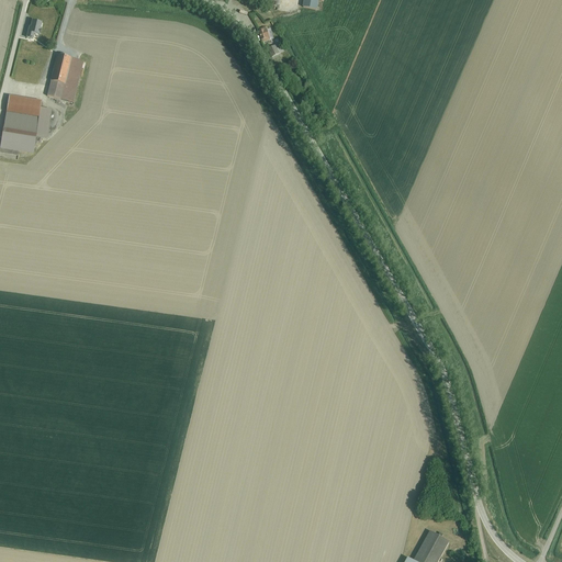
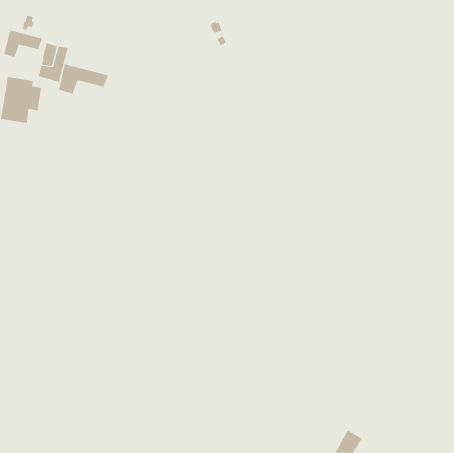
building: none -> [4,30,43,58]
building: none -> [59,63,108,94]

